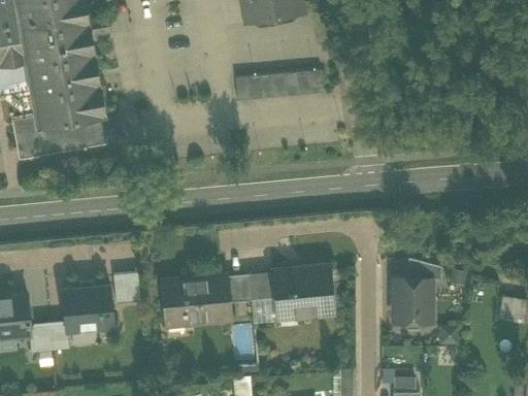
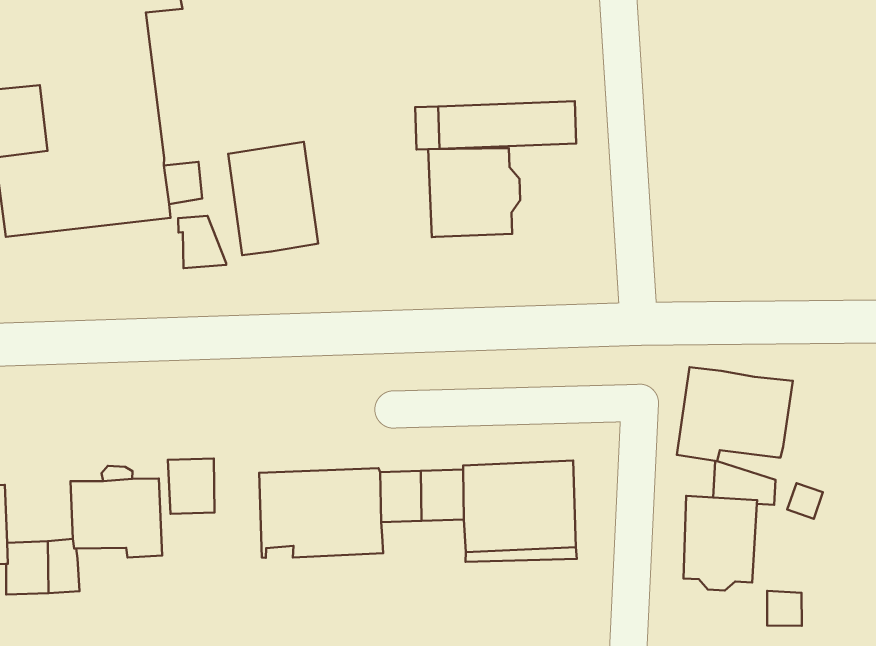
building: none -> [428,148,520,237]
building: none -> [228,142,318,255]
building: none -> [178,216,226,268]
building: none -> [677,367,793,461]
building: [251,298,275,323] -> none

